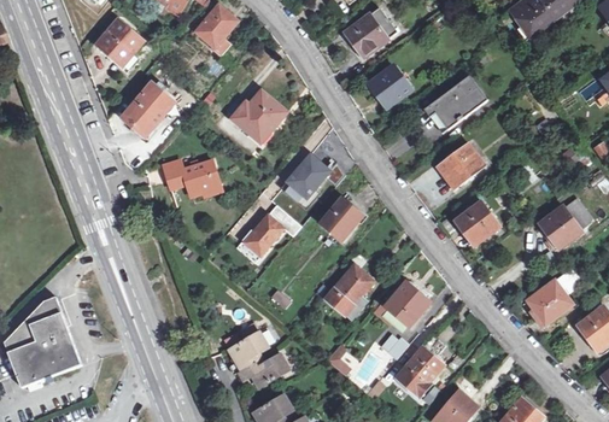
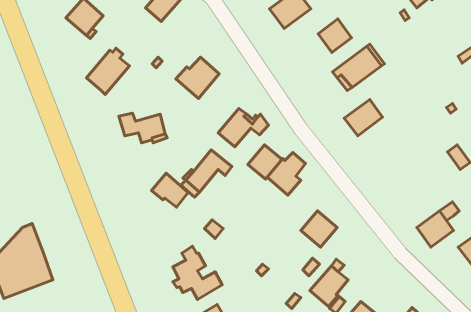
building: [369,66,410,107] -> [318,19,352,52]
building: [456,201,499,245] -> none
building: [540,206,581,251] -> none
building: none -> [152,173,188,207]
building: [324,268,371,320] -> [267,153,306,195]

